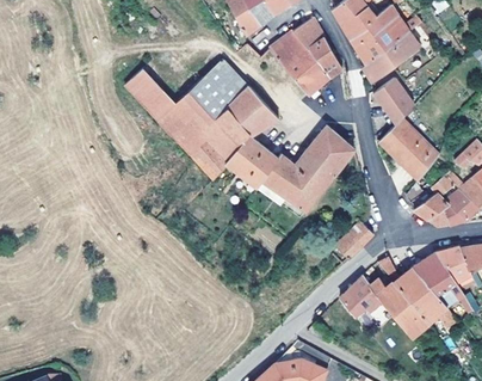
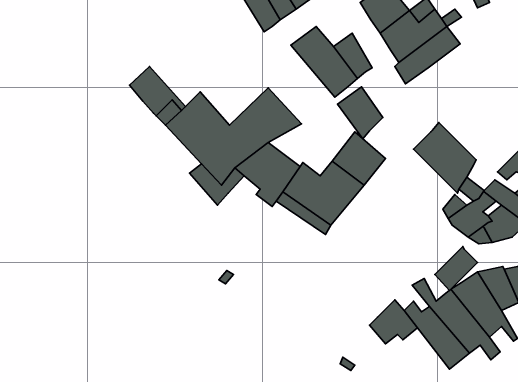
building: [292,18,325,49] -> none
building: [189,60,249,119] -> none
building: [373,78,414,124] -> [338,87,383,139]
building: [335,220,373,259] -> [435,247,477,291]

